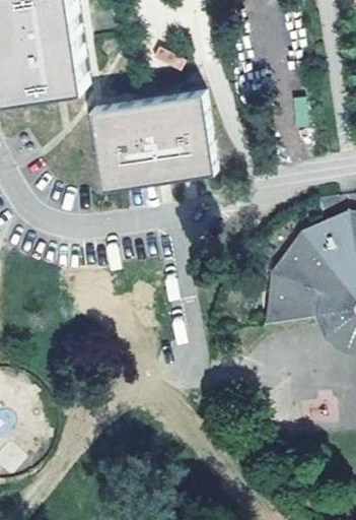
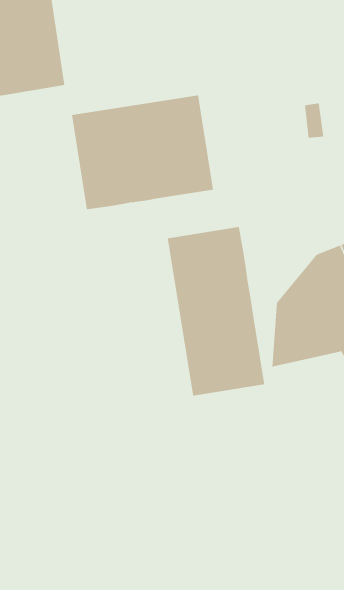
building: none -> [167,226,265,396]

